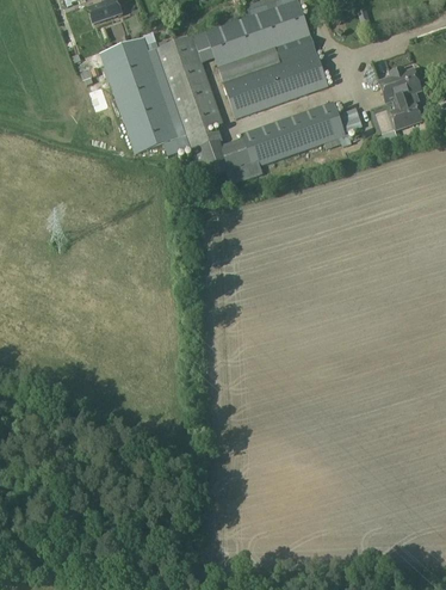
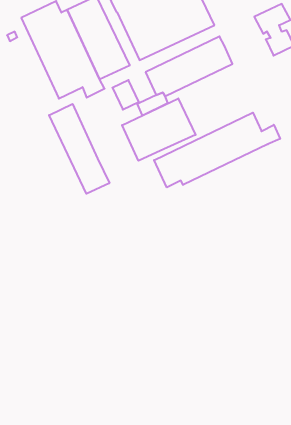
building: none -> [49,104,109,194]
building: none -> [122,98,196,161]
building: none -> [154,113,280,187]

